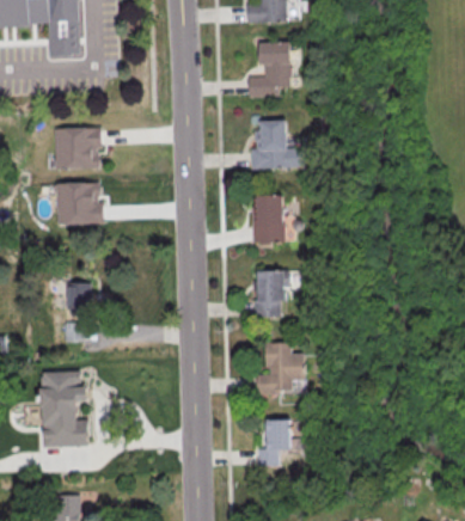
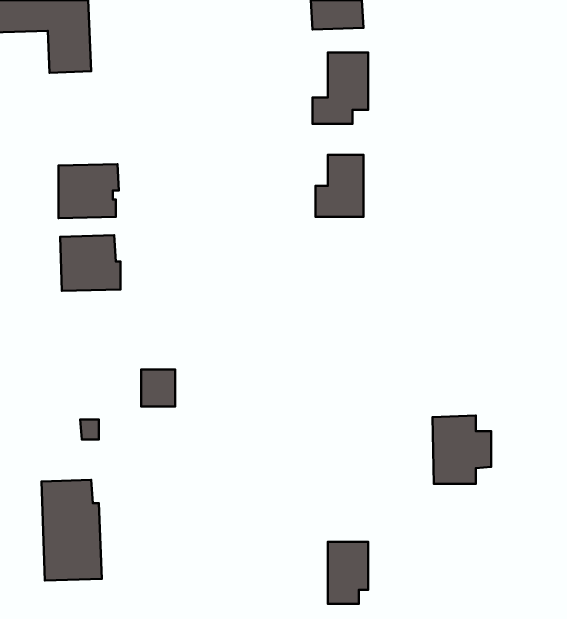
building: [253,194,286,241] -> none
building: [255,269,287,317] -> none
building: [67,281,93,309] -> [141,370,175,407]
building: [259,341,305,393] -> [432,416,491,484]

